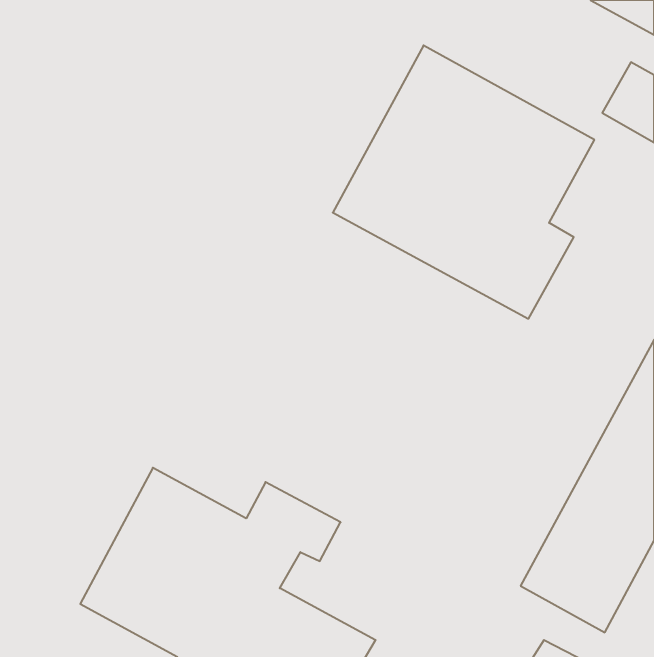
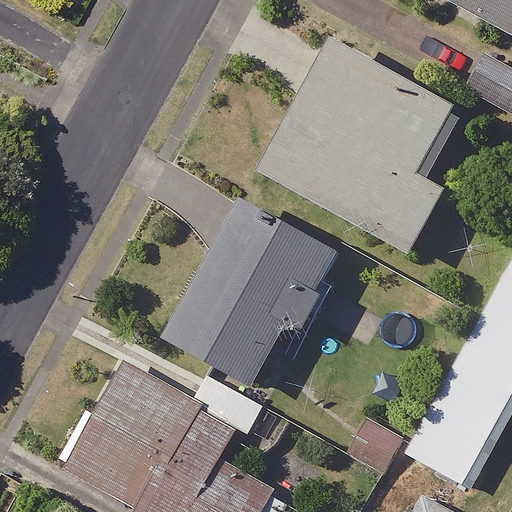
building: none -> [165,201,335,382]

